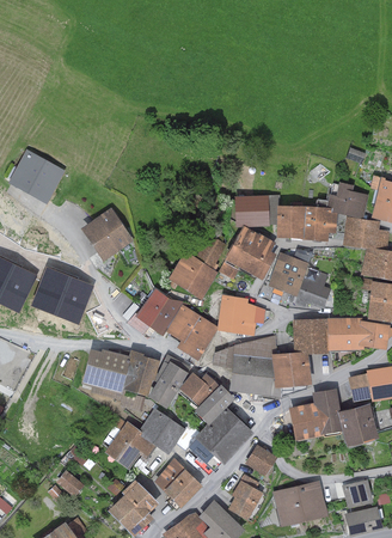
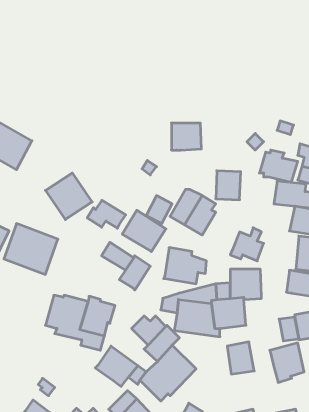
building: [235,196,270,227] -> [171,123,201,150]
building: [304,207,337,240] -> none
building: [268,252,308,296] -> none
building: [128,304,172,336] -> [87,200,126,228]
building: [176,316,218,361] -> none
building: [327,318,363,350] -> none
building: [148,355,191,409] -> none
building: [312,389,343,436] -> none
building: [104,421,158,470] -> none
building: [245,445,277,476] -> none

